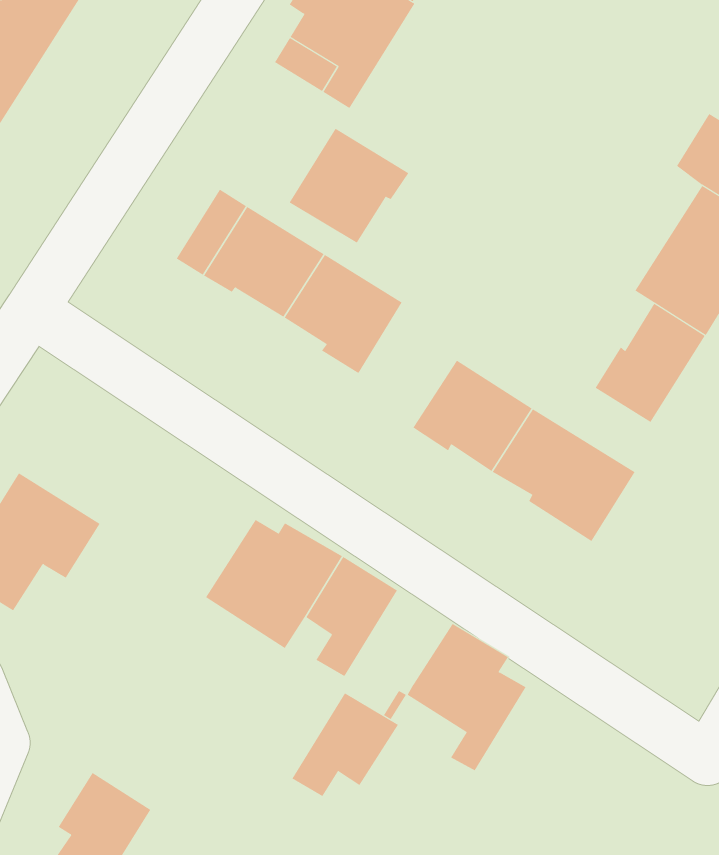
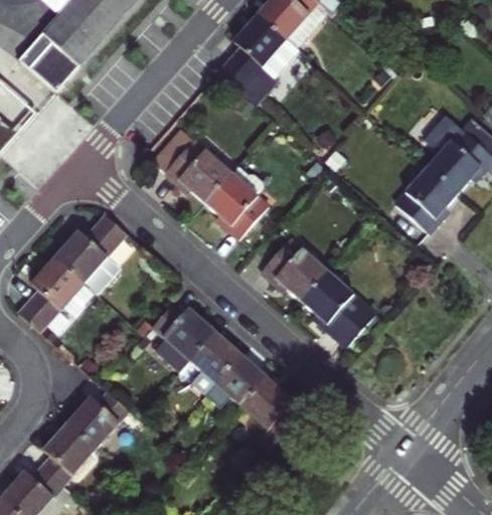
building: [289,128,409,243] -> none
building: [595,303,706,423] -> none
building: none -> [51,215,124,294]
building: [292,692,399,797] -> [207,351,268,404]
building: none -> [67,389,129,448]

